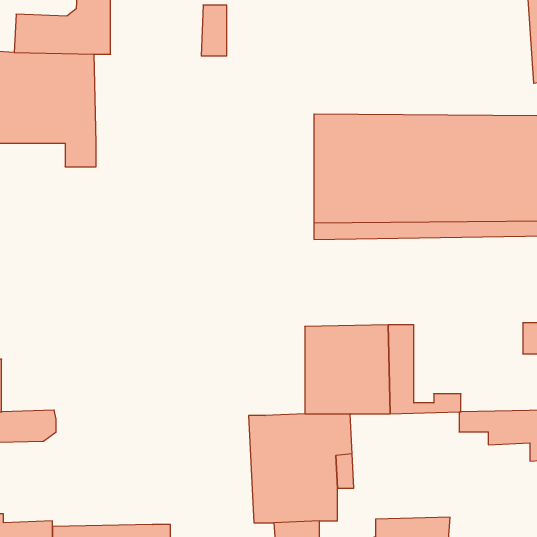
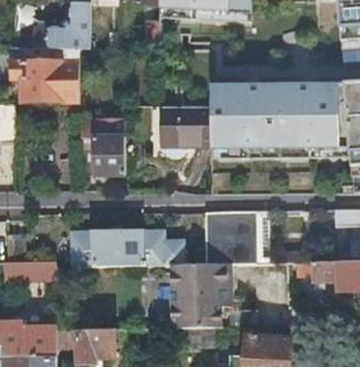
building: none -> [162,106,210,145]
building: none -> [80,121,124,174]
building: none -> [72,232,182,265]

